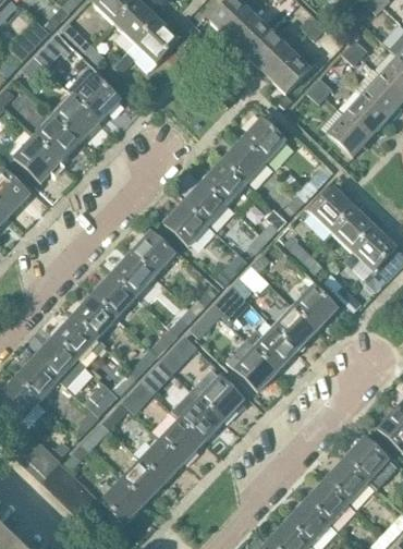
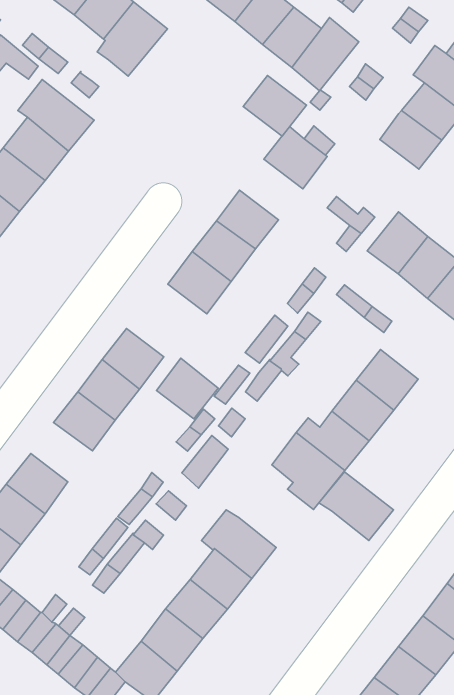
building: [221,138,267,183] -> [243,76,306,136]
building: [131,230,175,274] -> [156,358,218,419]
building: [53,315,106,358] -> none
building: [191,368,244,419] -> [319,472,393,541]

